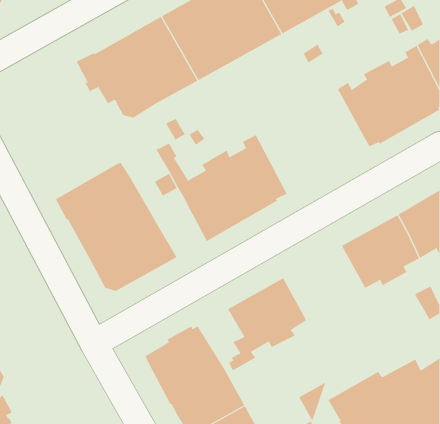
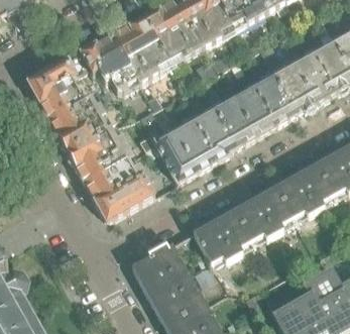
building: none -> [30,50,112,151]
building: none -> [201,71,297,147]
building: none -> [234,186,294,240]

